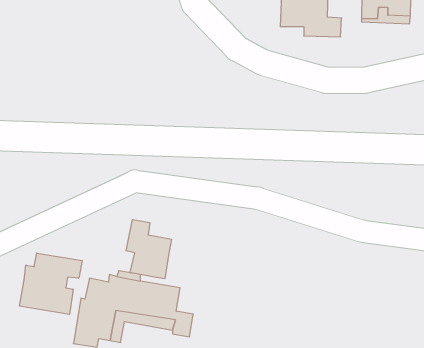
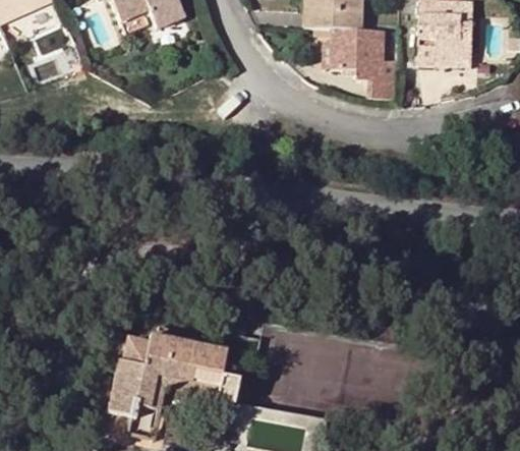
building: [126,220,171,279] -> none
building: [19,253,82,314] -> none

